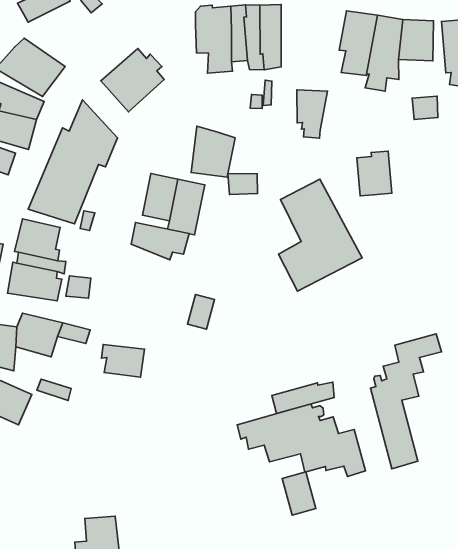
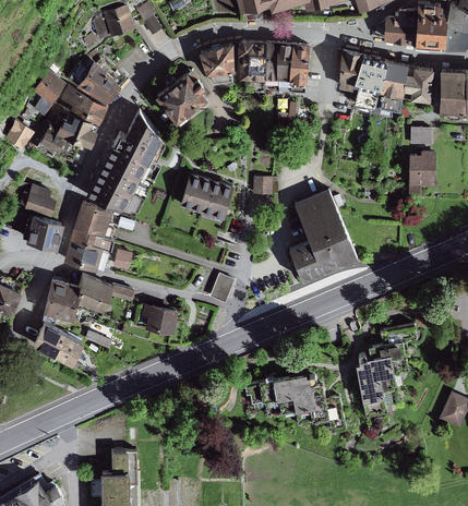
building: none -> [200,40,235,86]
building: [297,90,328,138] -> [336,49,363,91]
building: [191,126,235,177] -> none
building: [357,151,392,196] -> [410,152,436,186]
building: [131,222,189,260] -> none
building: [272,382,334,414] -> none
building: [282,472,316,515] -> none

